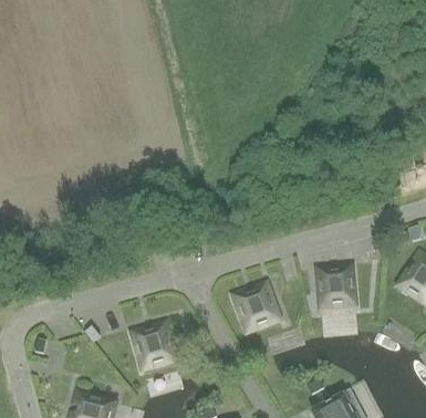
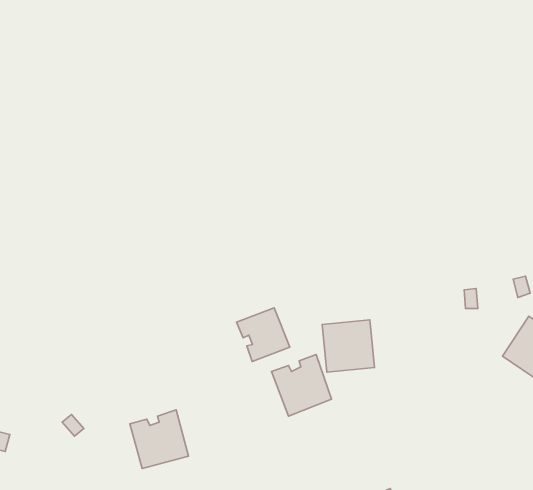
building: none -> [237,308,290,361]
building: [319,263,356,301] -> [322,320,375,372]

